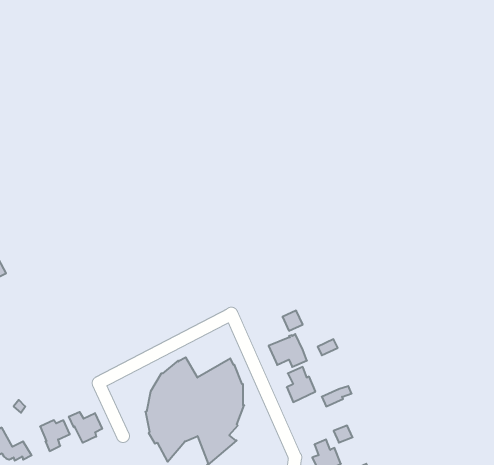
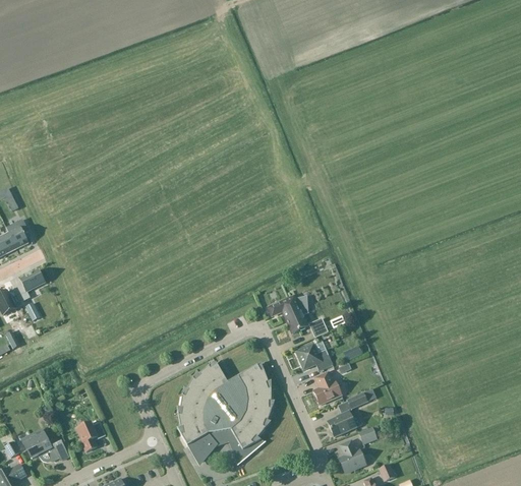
building: none -> [268,297,307,335]
building: none -> [327,412,361,438]
building: [69,412,102,443] -> none

